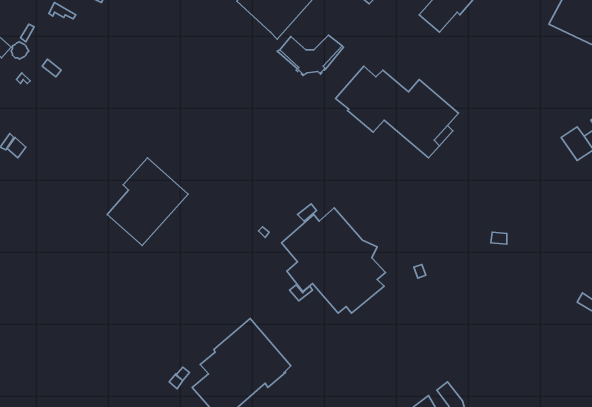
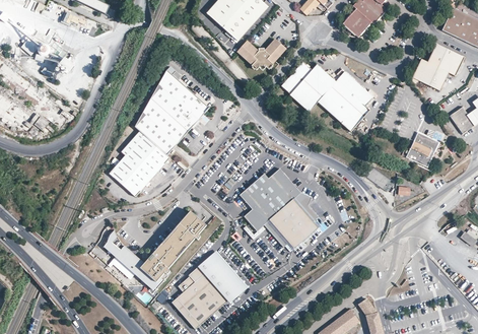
building: none -> [410,44,463,91]
building: none -> [134,75,214,160]
building: none -> [406,133,438,169]
building: none -> [104,211,206,294]

